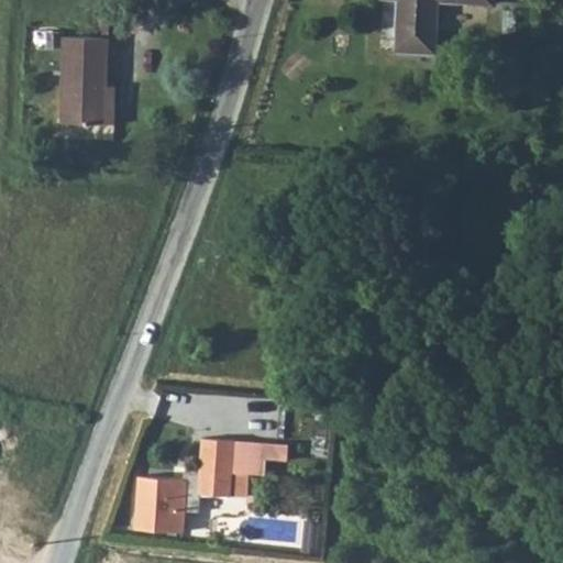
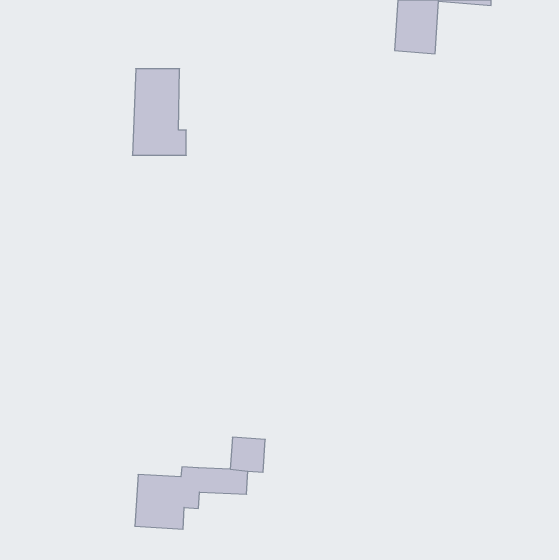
building: [59,49,113,136] -> [132,69,186,155]
building: [199,437,233,471] -> none

